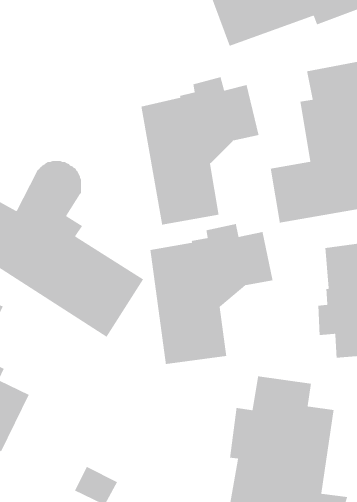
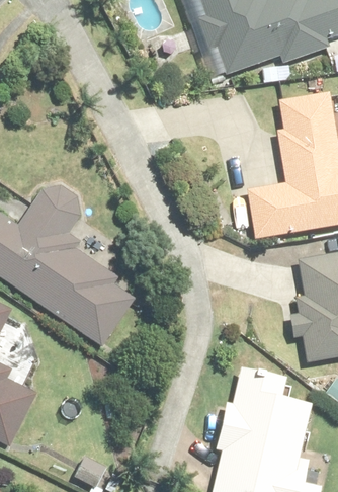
building: [140,76,260,226] -> none
building: [150,223,273,365] -> none

